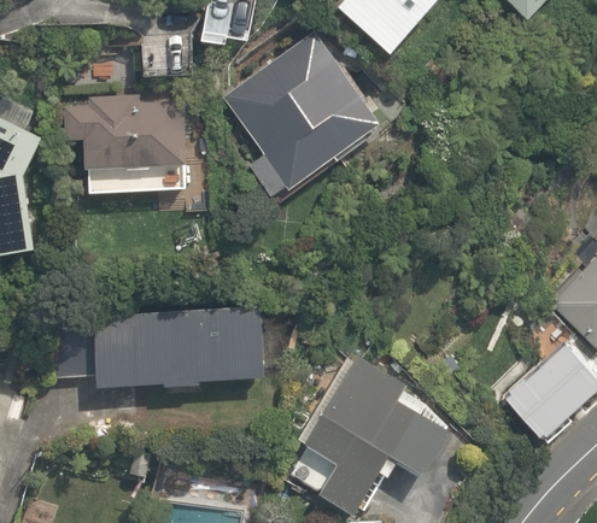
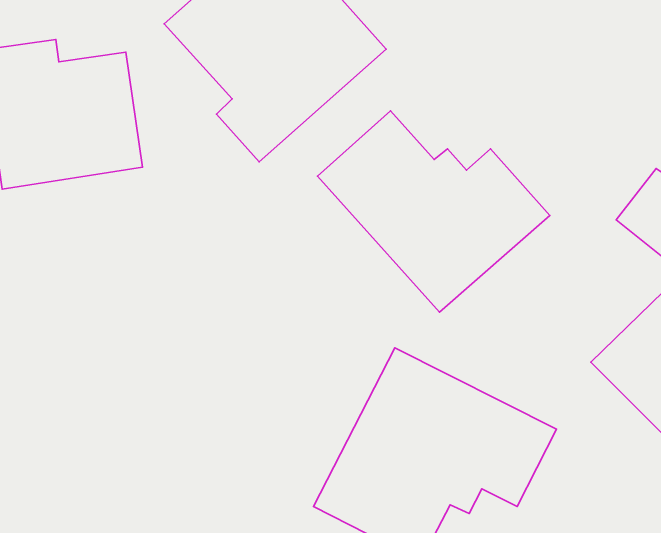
building: none -> [317,111,550,312]
building: [64,300,265,396] -> none

